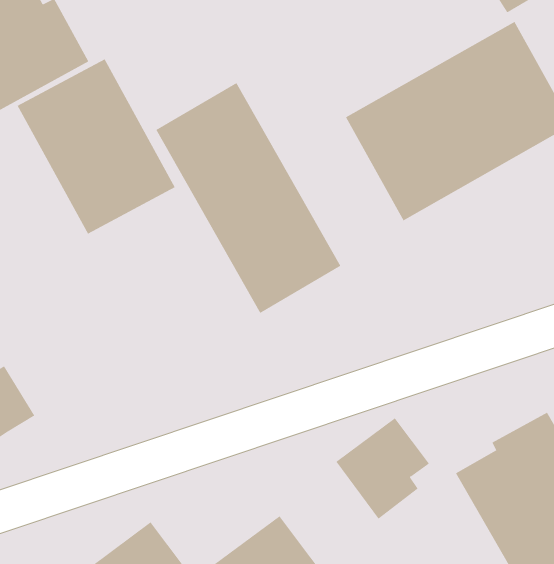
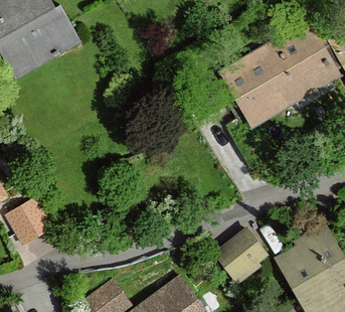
building: [17,58,176,234] -> none
building: [155,82,341,314] -> none

